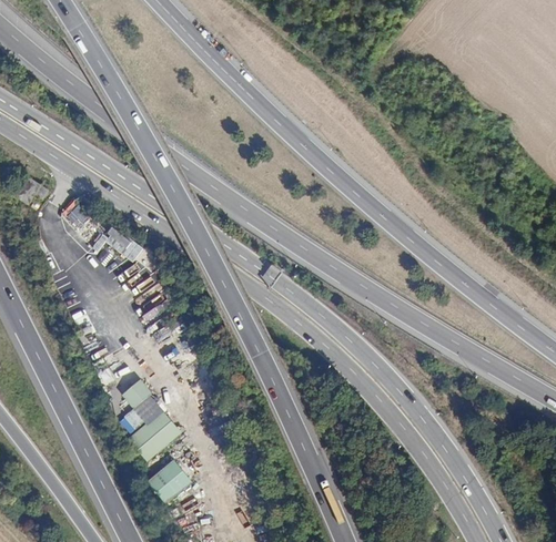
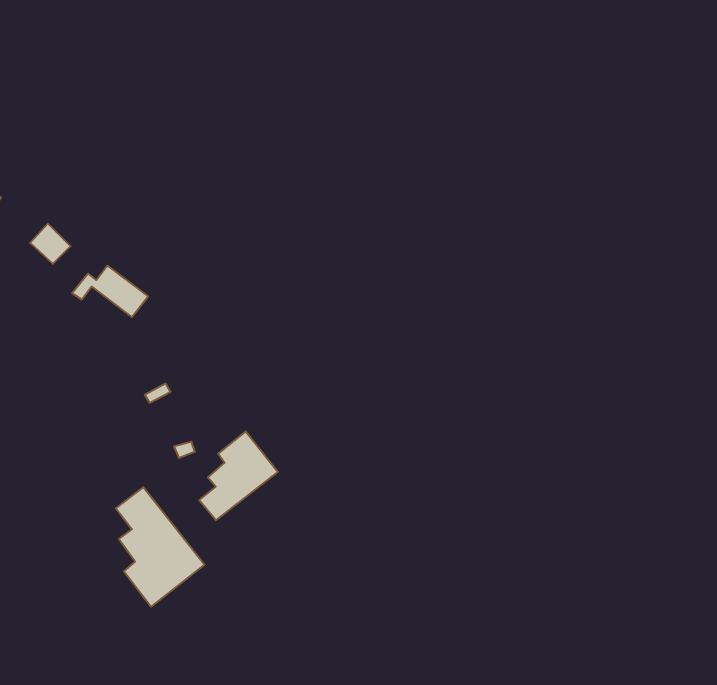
building: none -> [199,431,278,520]
building: [146,457,192,502] -> none

